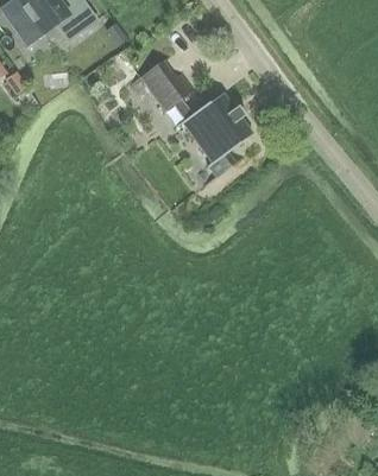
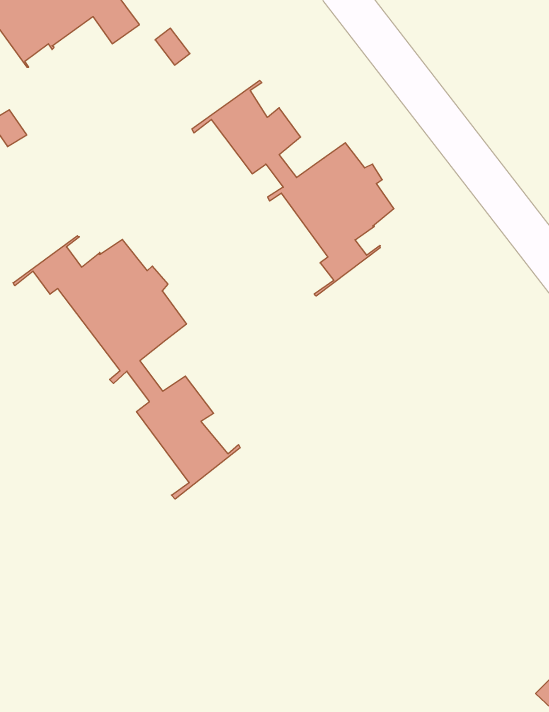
building: none -> [13,236,240,499]

